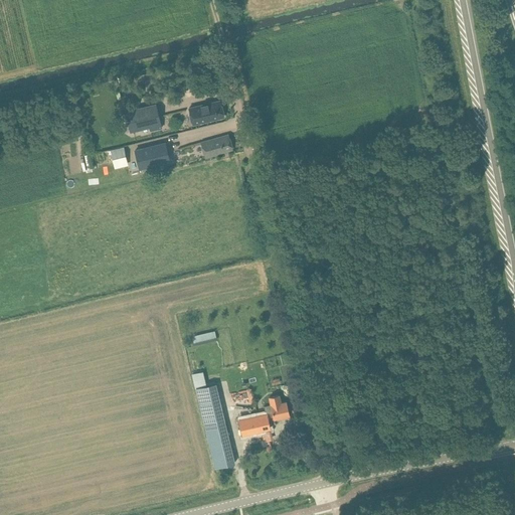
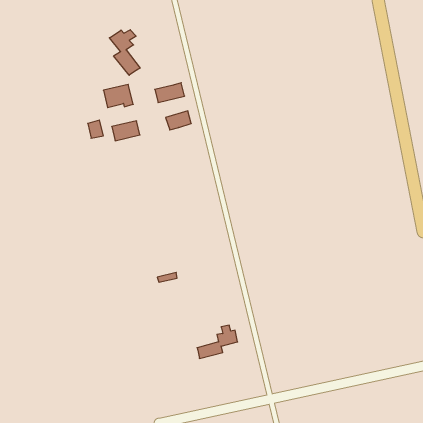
building: none -> [109,30,140,75]
building: [196,384,234,468] -> none

